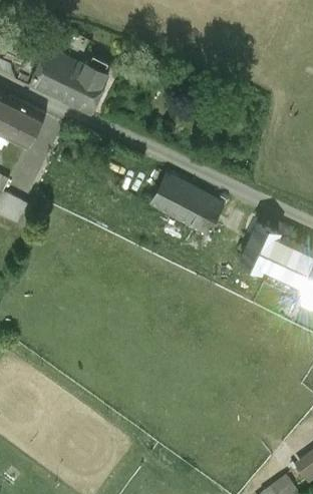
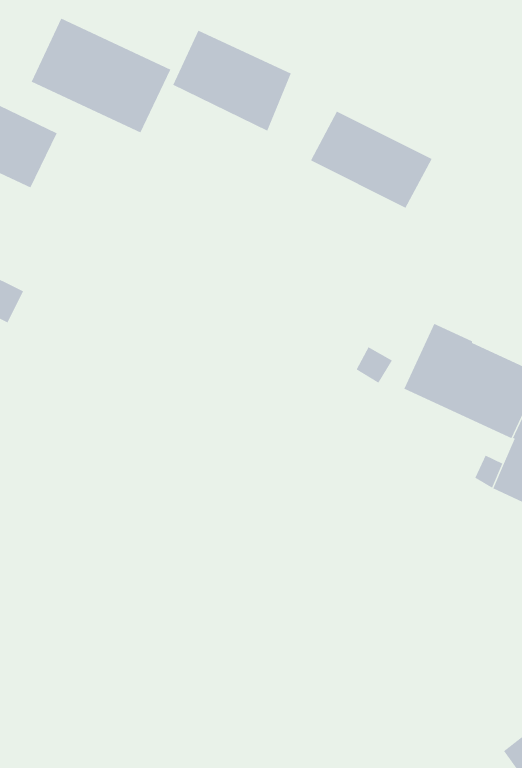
building: none -> [172,30,292,131]
building: [152,175,222,230] -> [310,111,433,208]

